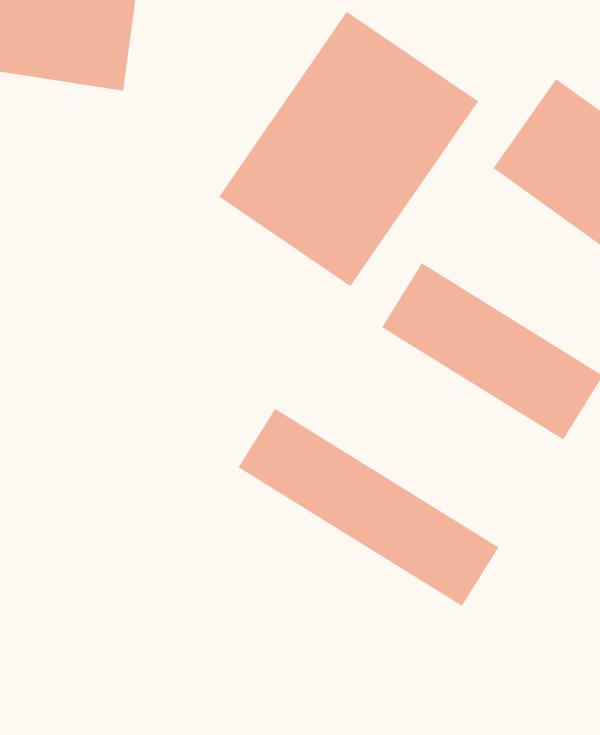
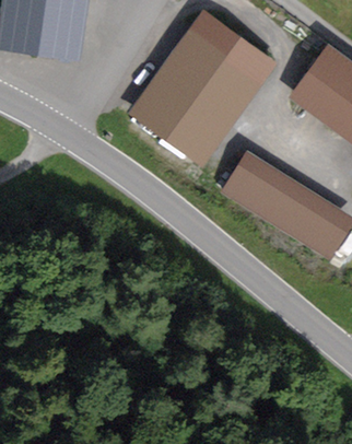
building: [238,408,499,607] -> none

